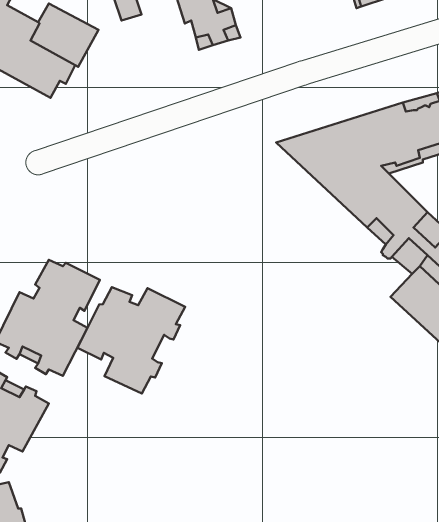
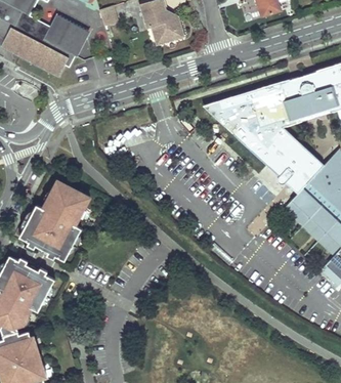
building: [78,287,185,394] -> none

